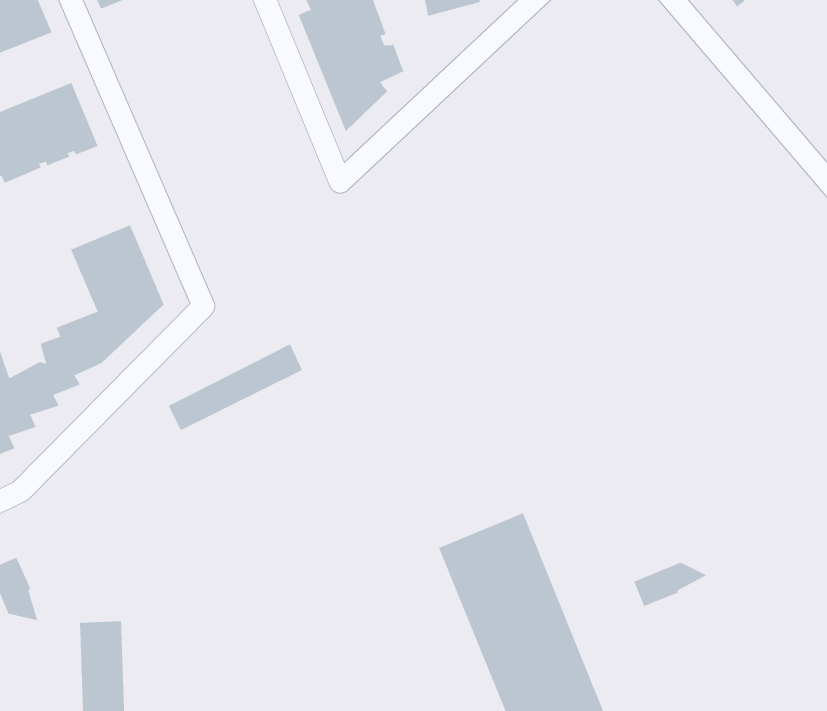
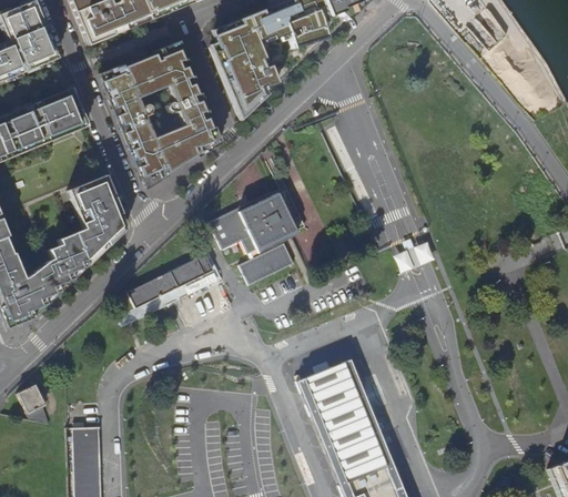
building: none -> [99,43,215,184]
building: none -> [210,186,306,252]
building: none -> [242,241,296,283]
building: [634,562,707,607] -> none

